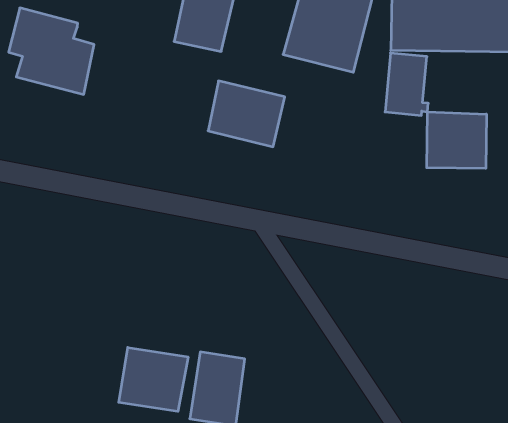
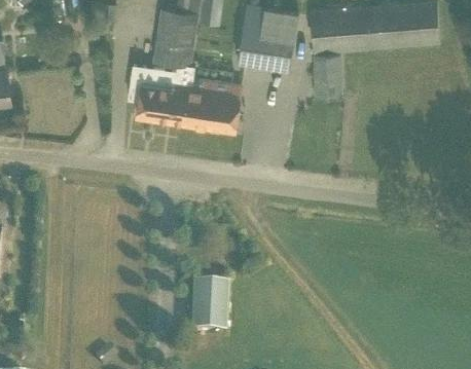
building: [9,8,94,94] -> [128,63,189,121]
building: [427,112,486,168] -> none
building: [119,347,188,411] -> none

